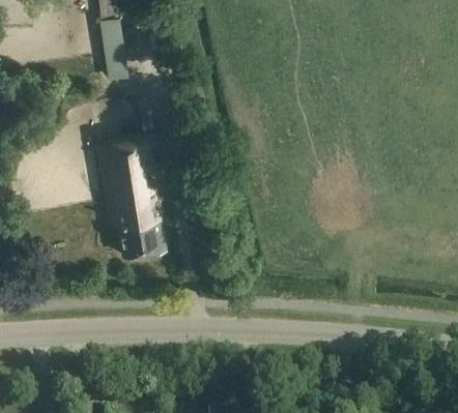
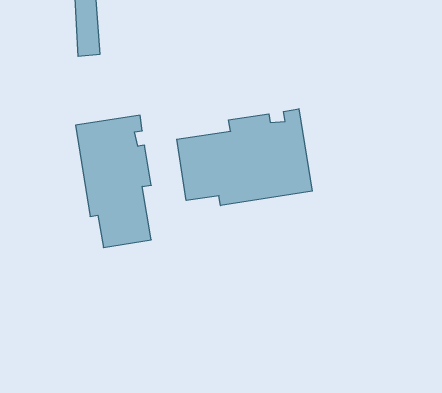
building: none -> [177,109,312,206]

